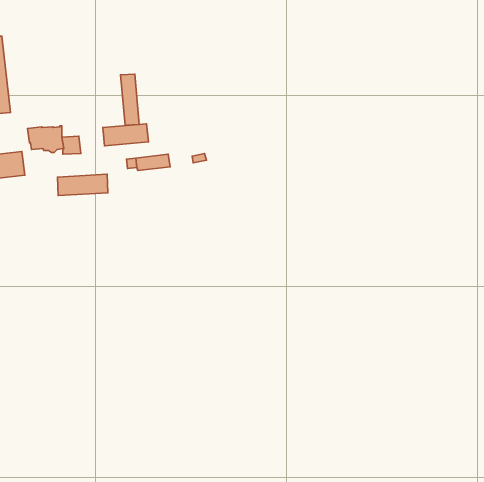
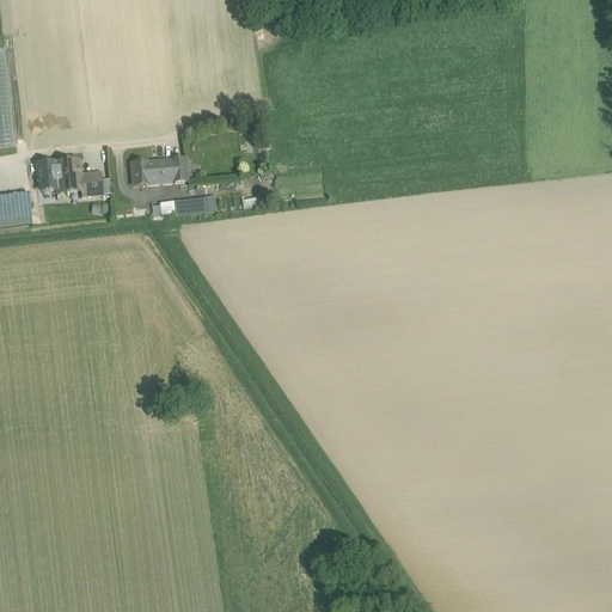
building: [121,74,139,125] -> none
building: [57,174,108,196] -> none

